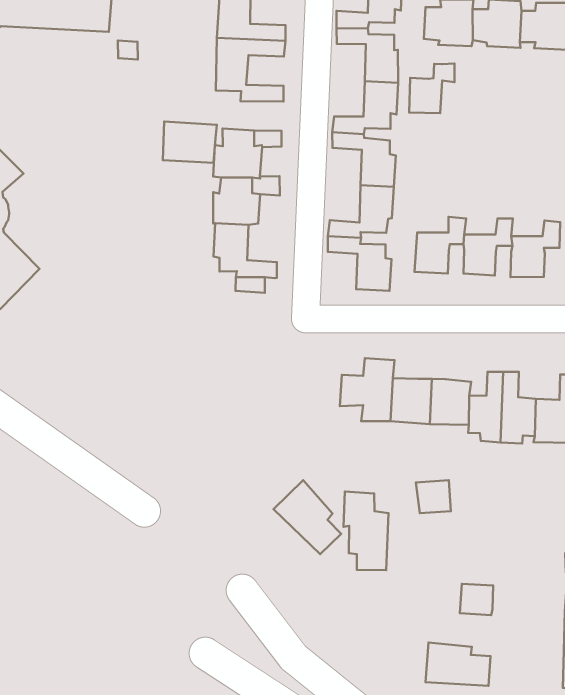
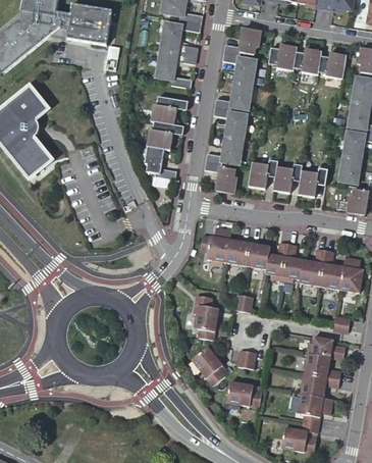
building: [409,63,455,113] -> none
building: [163,122,217,163] -> none
building: [274,480,341,554] -> [192,345,225,384]

